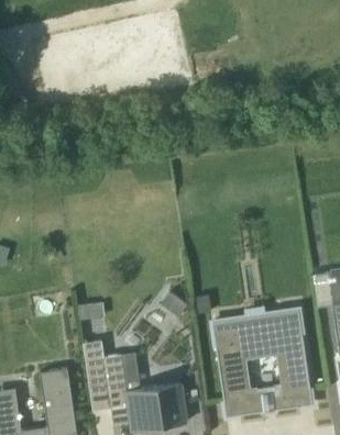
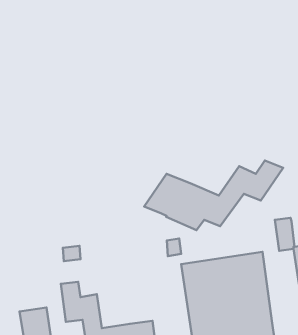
building: none -> [144,161,283,230]

